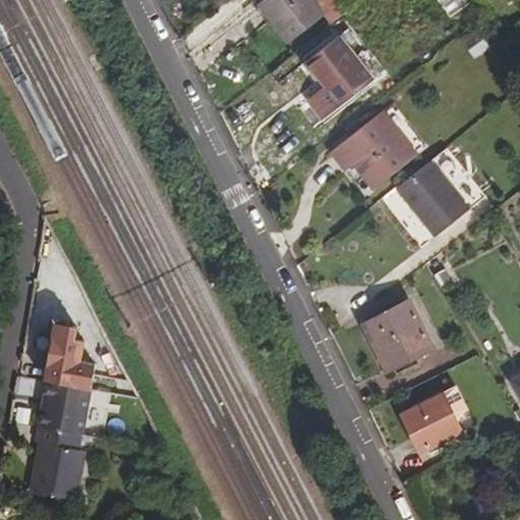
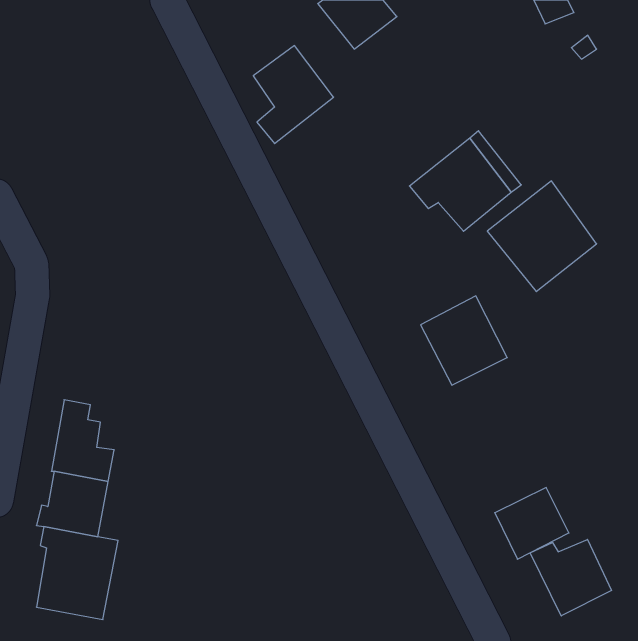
building: [306,39,371,118] -> [253,46,334,144]
building: [362,301,432,373] -> [421,296,507,385]
building: none -> [530,539,611,616]

